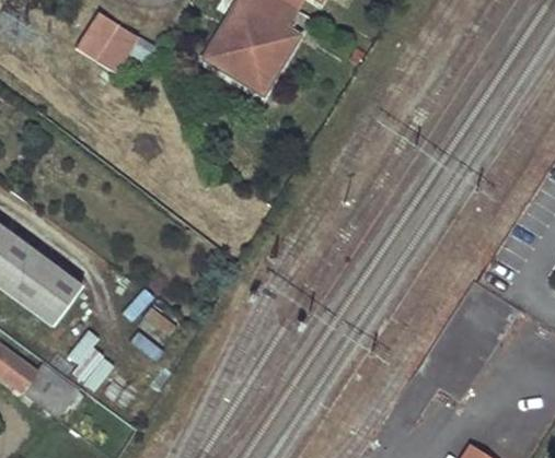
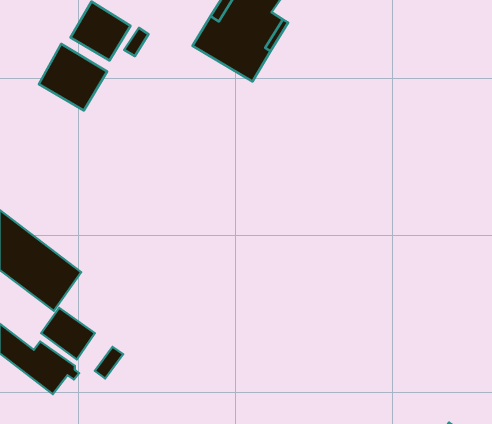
building: none -> [39,44,107,110]

